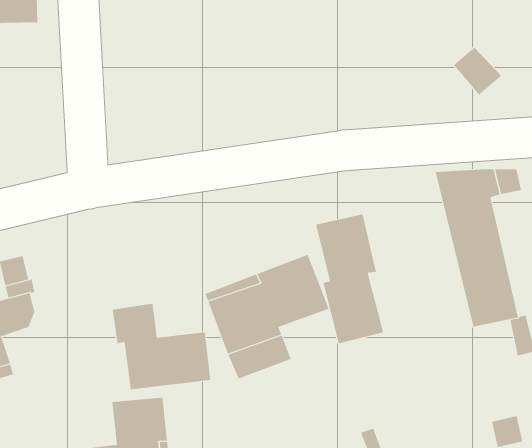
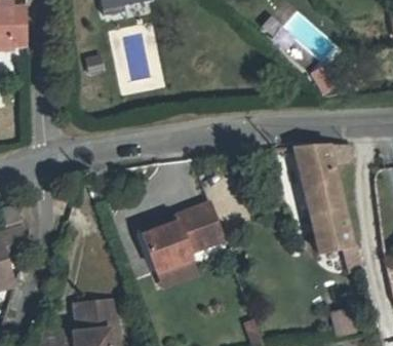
building: [315,213,384,344] -> none
building: [112,303,211,390] -> none

